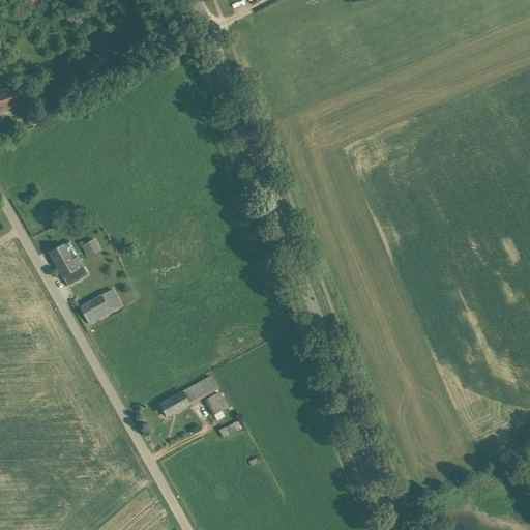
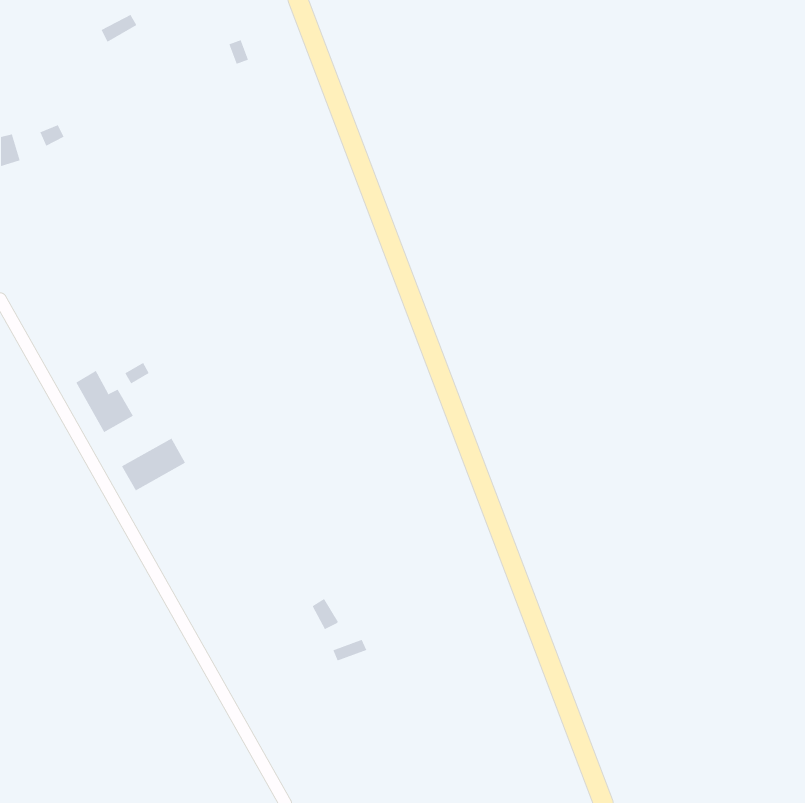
building: [159,375,217,415] -> none

